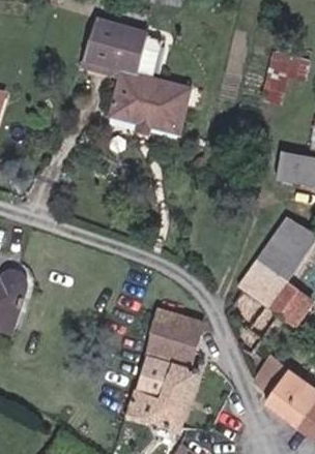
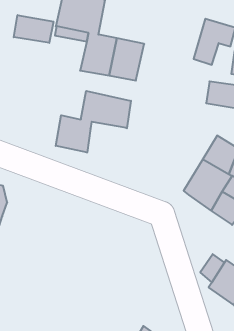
building: none -> [14,15,53,43]
building: none -> [56,91,131,153]
building: [134,305,204,423] -> none

